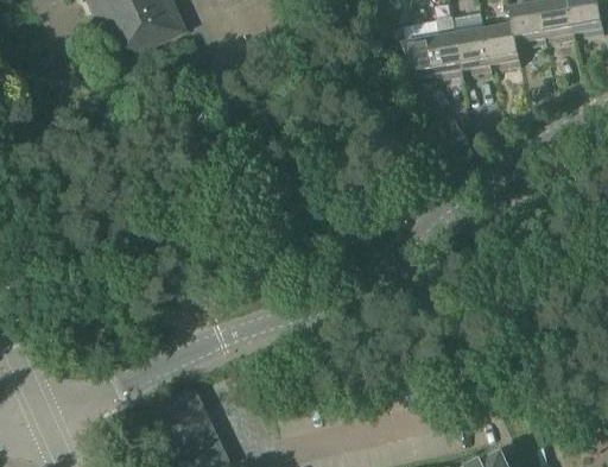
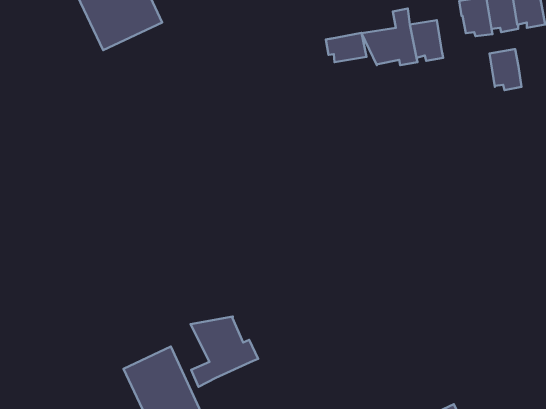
building: [486,21,521,67] -> [489,49,522,90]
building: none -> [326,33,366,62]
building: none -> [191,316,258,387]

